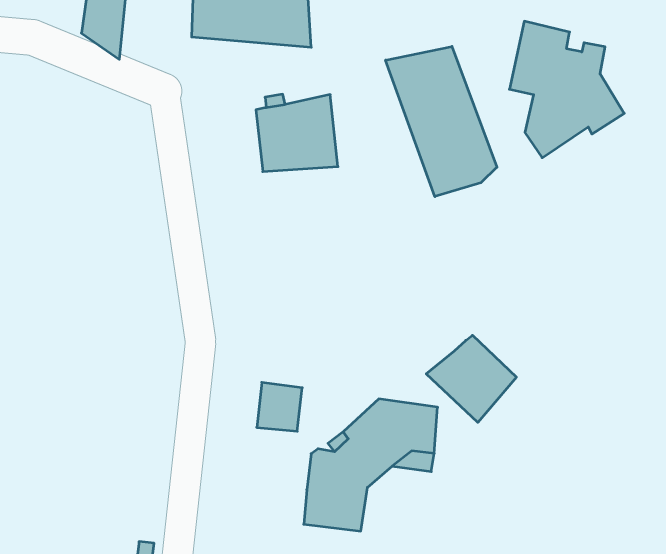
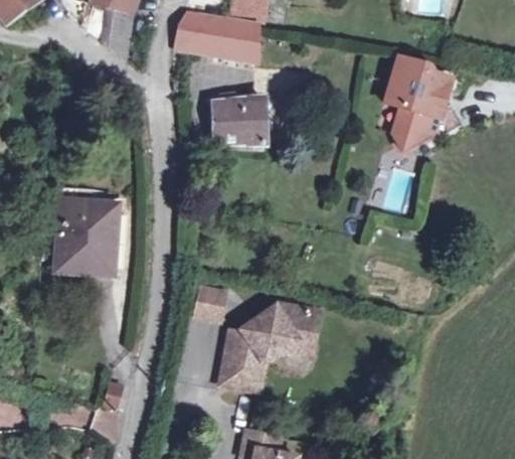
building: [386,46,497,197] -> none
building: none -> [57,201,116,272]
building: [426,335,516,422] -> none

